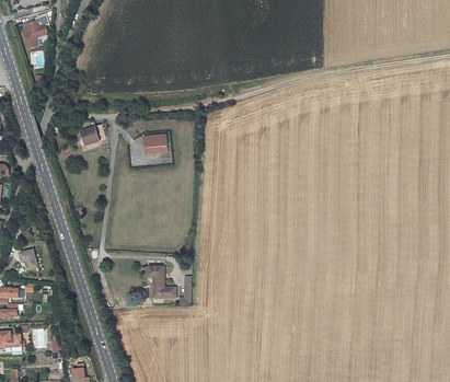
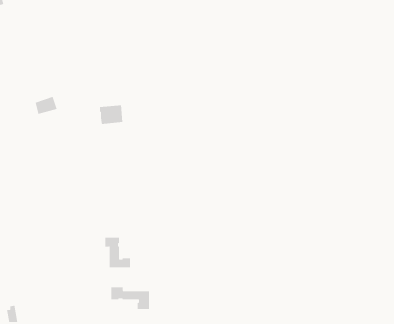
building: none -> [111,287,149,310]

